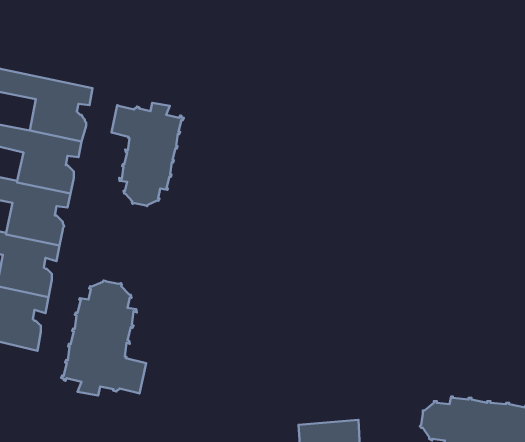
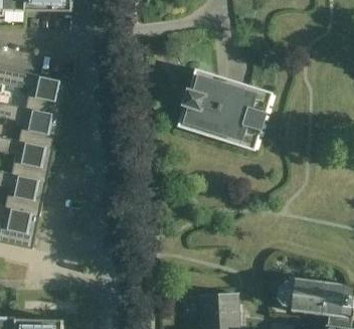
building: none -> [177,68,272,150]
building: [111,103,184,206] -> none
building: [61,280,146,396] -> none

